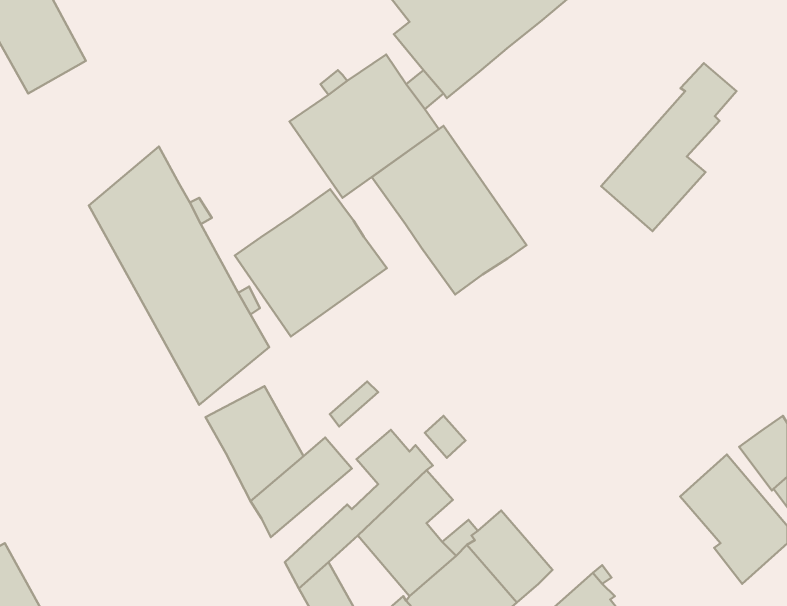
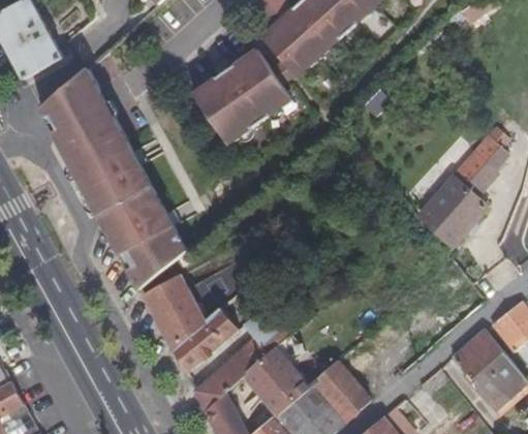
building: [601,63,737,231] -> [418,130,508,242]
building: none -> [37,70,108,154]
building: [372,126,526,295] -> none
building: [235,189,387,336] -> none

